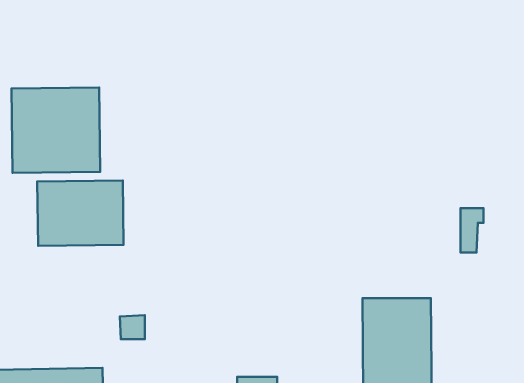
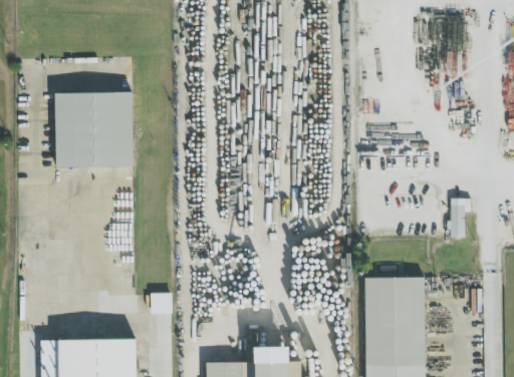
building: [37,180,124,246] -> none

